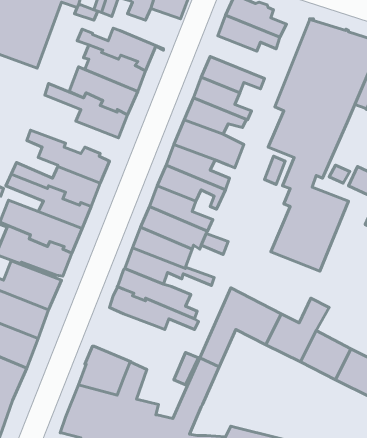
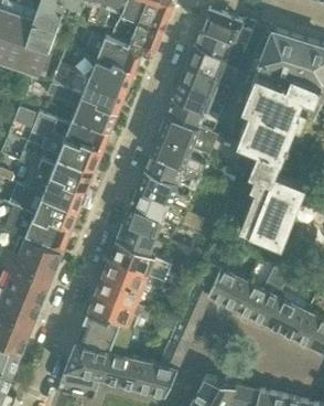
building: none -> [111,20,163,54]
building: none -> [188,43,238,79]
building: none -> [35,113,110,150]
building: none -> [89,275,148,328]

